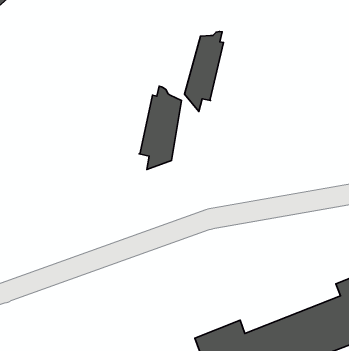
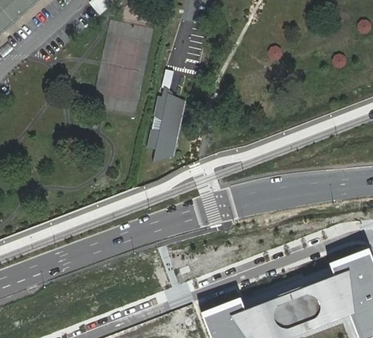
building: [184,32,224,112] -> none

